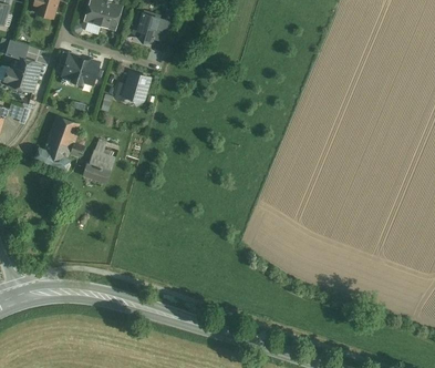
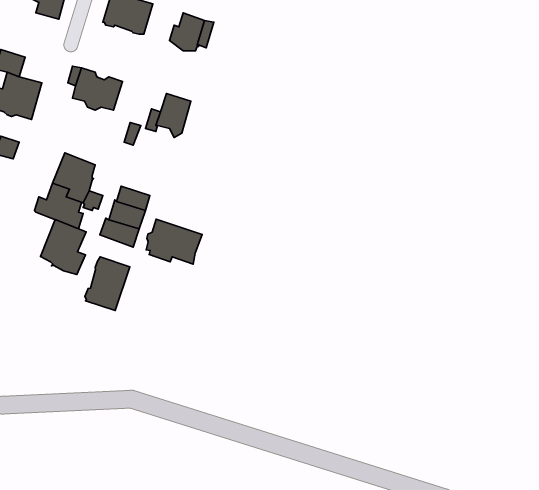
building: none -> [146,219,202,264]
building: none -> [41,220,86,275]
building: none -> [85,257,130,311]

